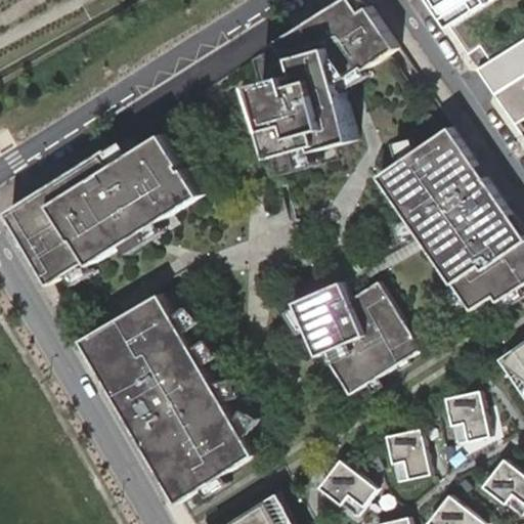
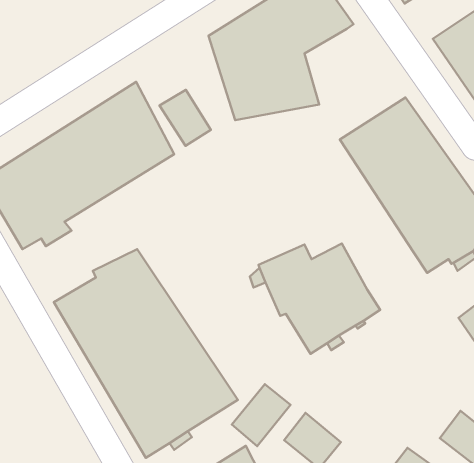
building: none -> [160,90,211,146]
building: [451,389,495,443] -> none
building: [386,428,431,481] -> none
building: none -> [232,384,290,446]

